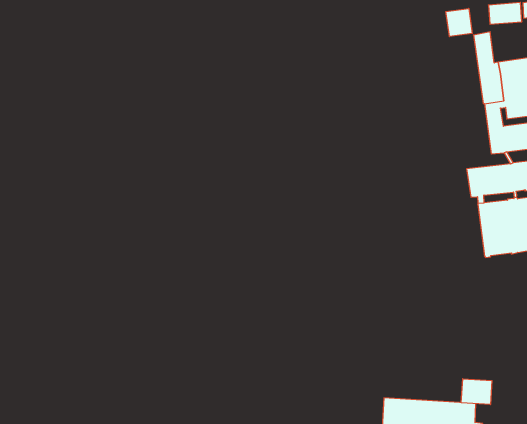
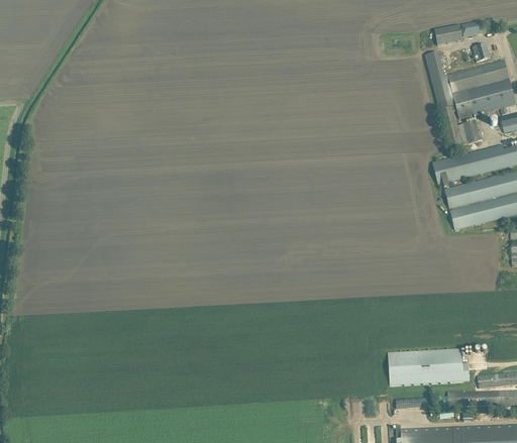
building: [446,8,472,37] -> none
building: [461,379,492,405] -> none

